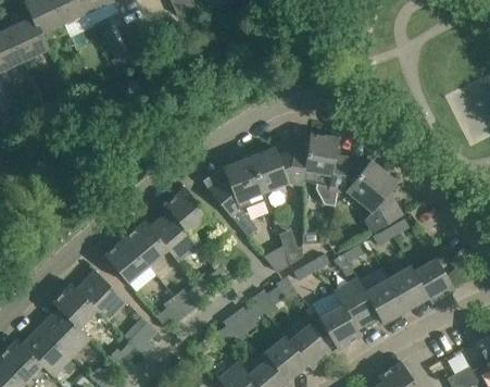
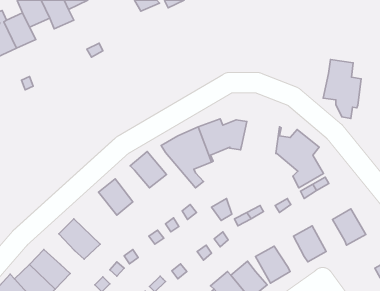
building: [301,134,348,207] -> [323,59,361,118]
building: [150,211,198,261] -> none
building: [104,238,148,283] -> none
building: [388,266,428,311] -> none
building: [334,278,378,329] -> none
building: [52,284,96,327] -> none

